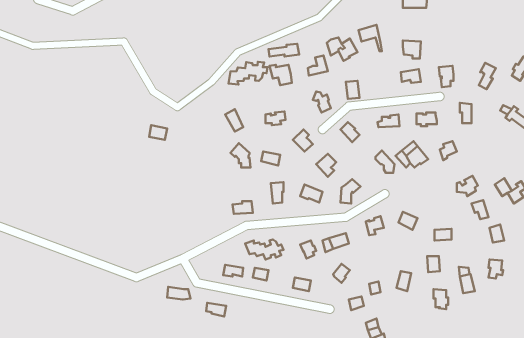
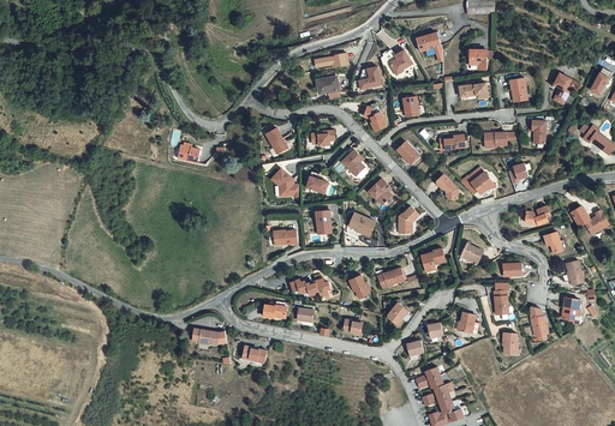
building: [229,62,268,84] -> none

